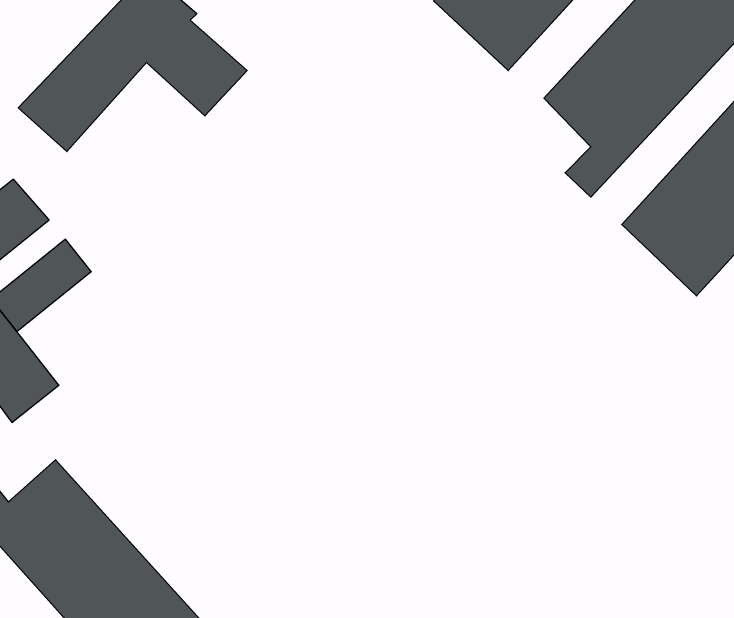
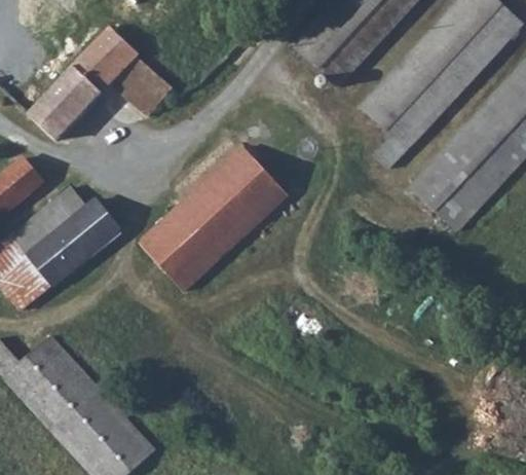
building: none -> [139,146,290,293]
building: none -> [27,196,122,287]

